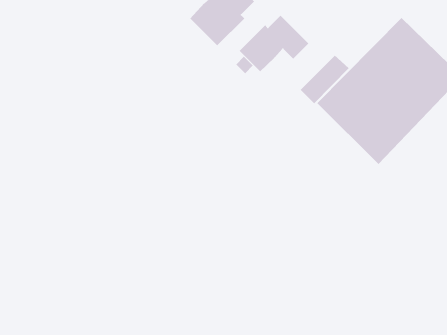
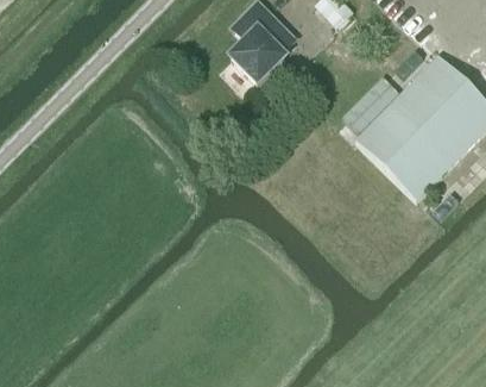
building: [239,15,309,72] -> none

